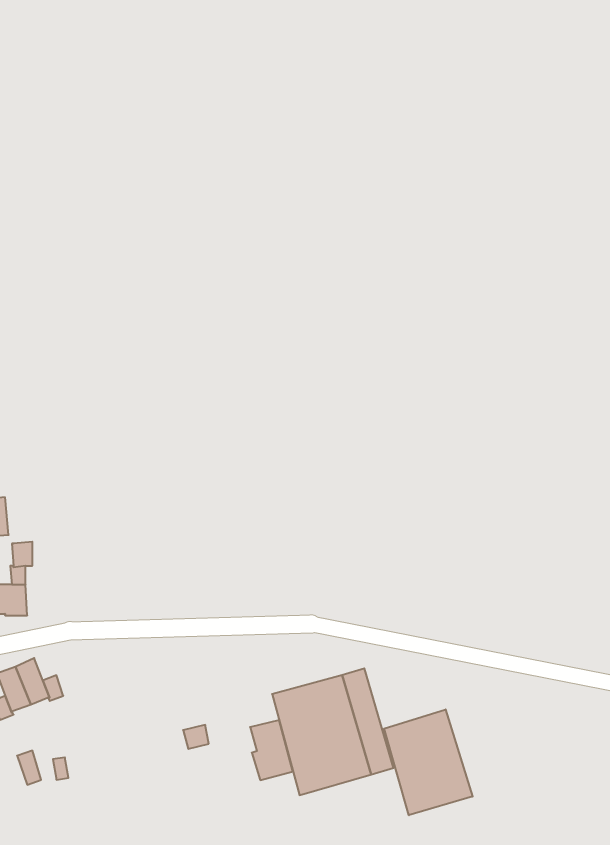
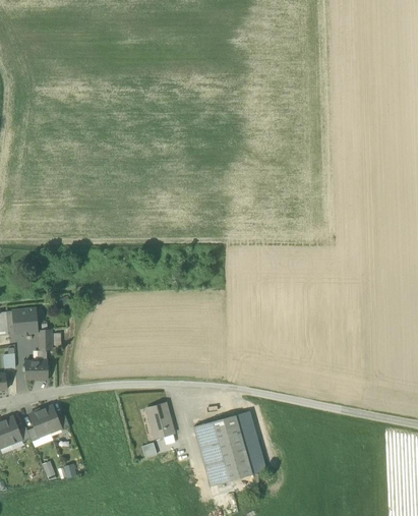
building: [384,709,473,815] -> none
building: [250,720,293,780] -> [148,402,174,438]

